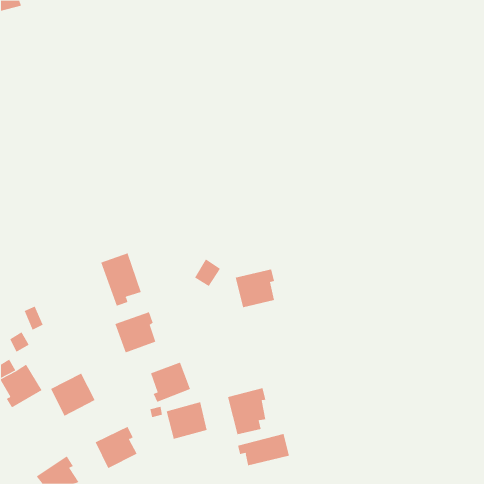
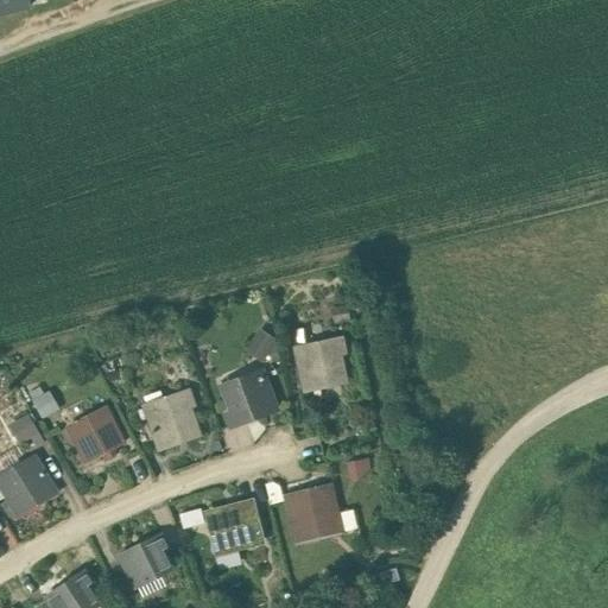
building: [101,252,141,306] -> none
building: [150,362,191,403] -> [223,375,274,426]
building: [50,373,96,416] -> [66,407,124,462]
building: [237,433,289,466] -> none

